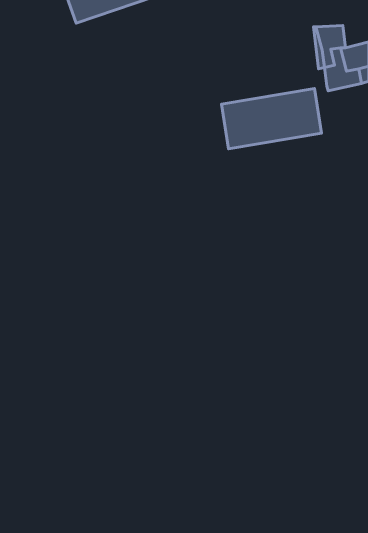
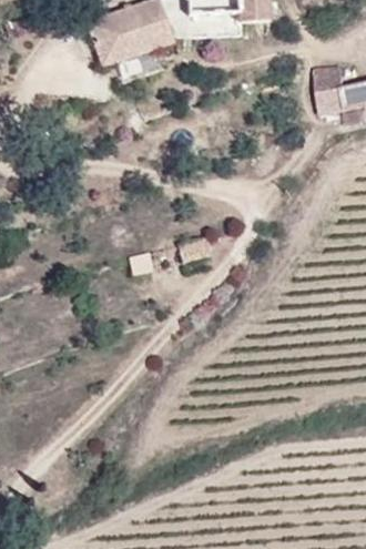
building: [221,88,322,149] -> none

